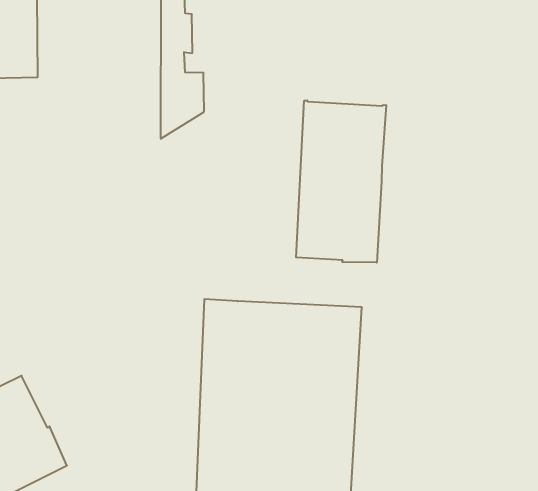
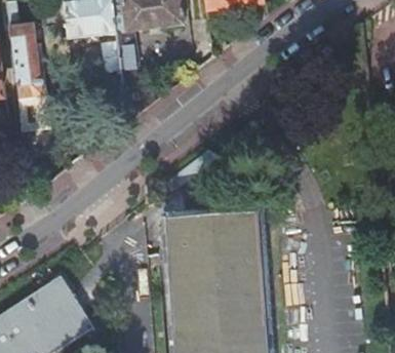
building: [296,100,386,263] -> none

